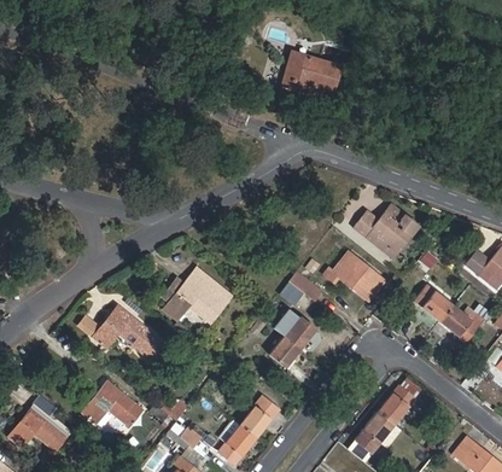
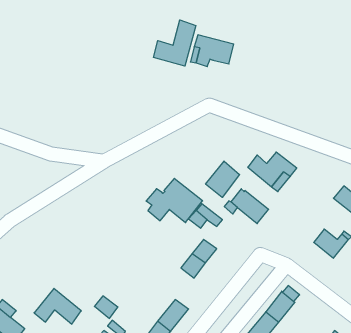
building: none -> [153,20,196,66]
building: none -> [206,161,240,197]
building: [160,268,233,325] -> [146,178,203,223]
building: [413,285,453,322] -> none
building: [91,304,164,361] -> none

